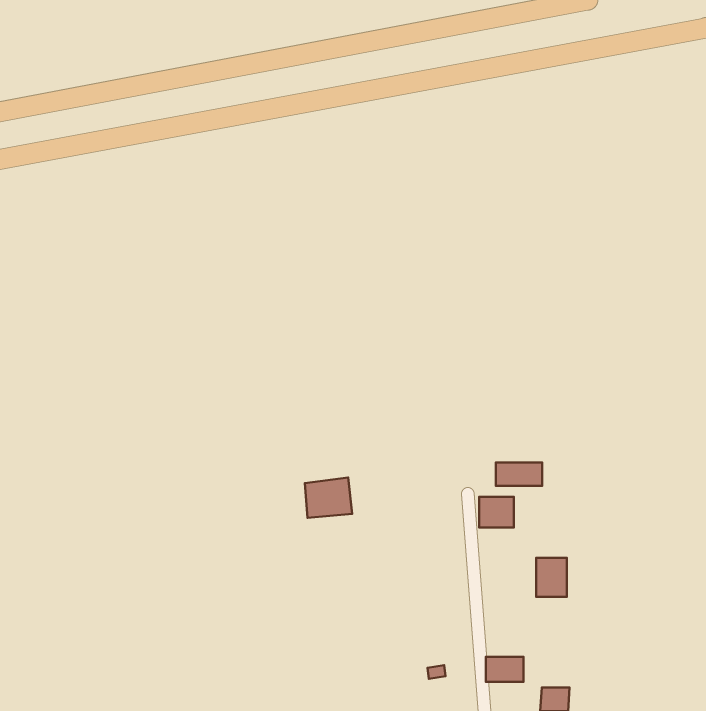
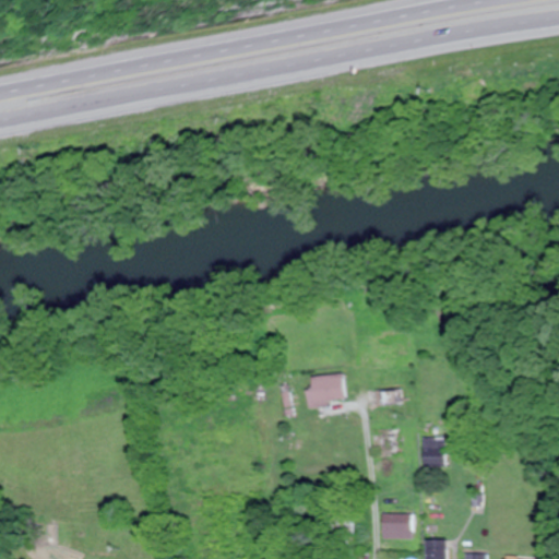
building: [496,463,542,486] -> none
building: [305,478,352,518] -> [307,373,344,405]

